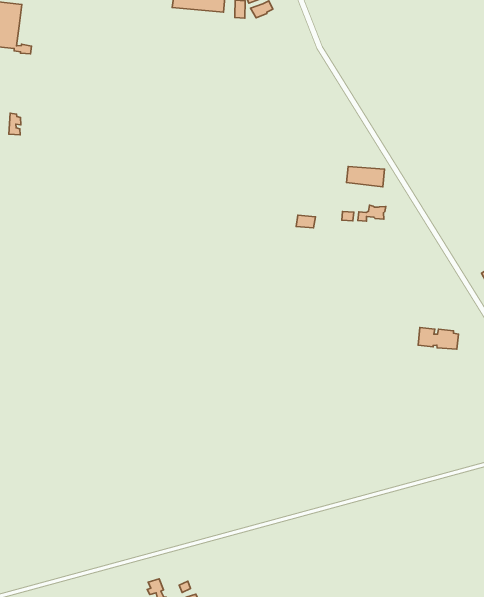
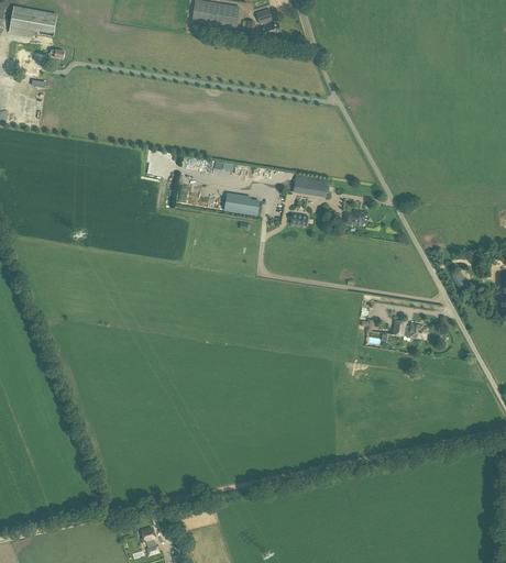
building: [347,166,384,187] -> [295,175,329,195]
building: none -> [223,192,258,214]

